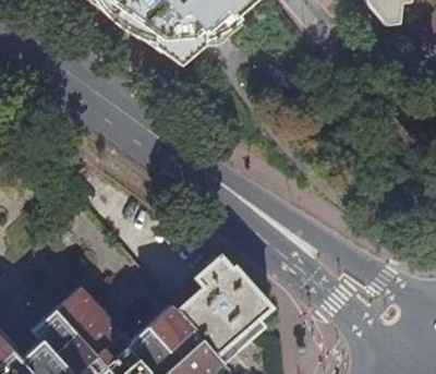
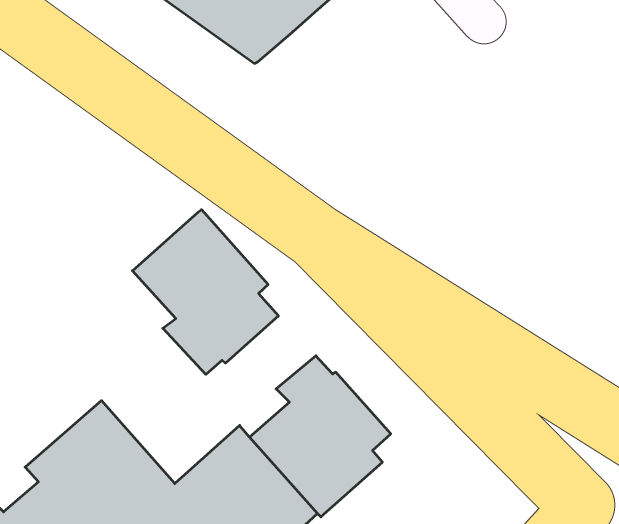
building: none -> [132,210,278,374]

